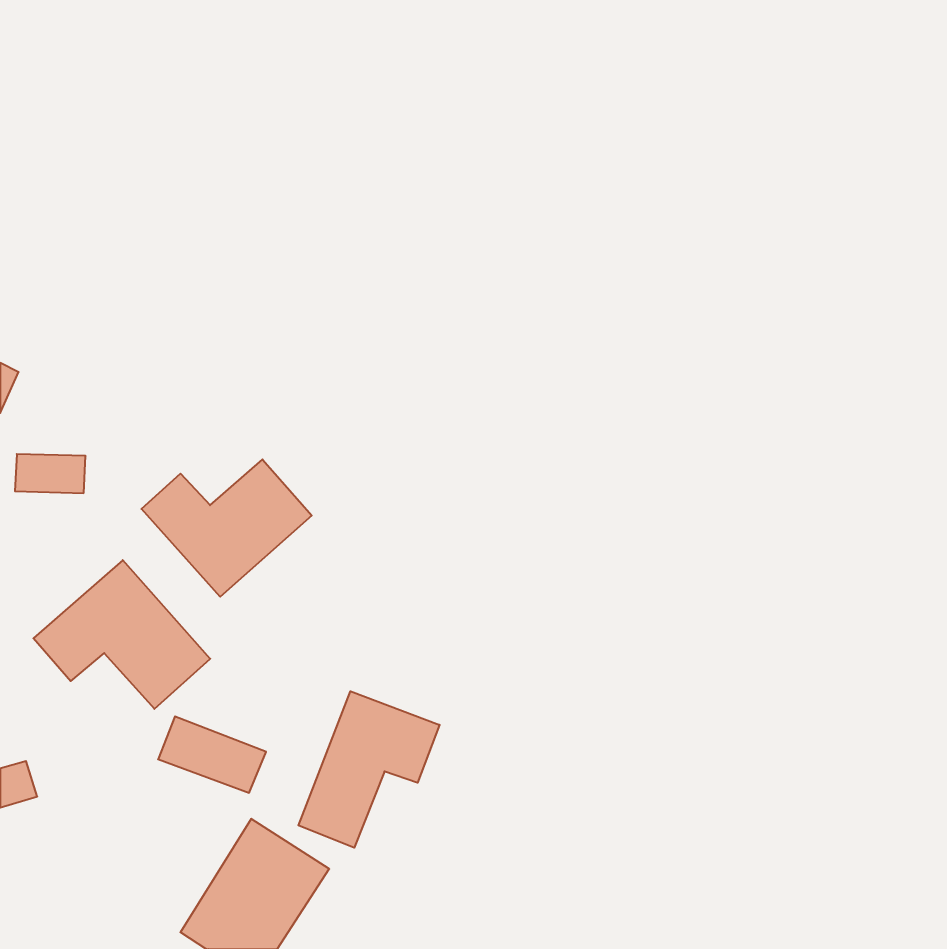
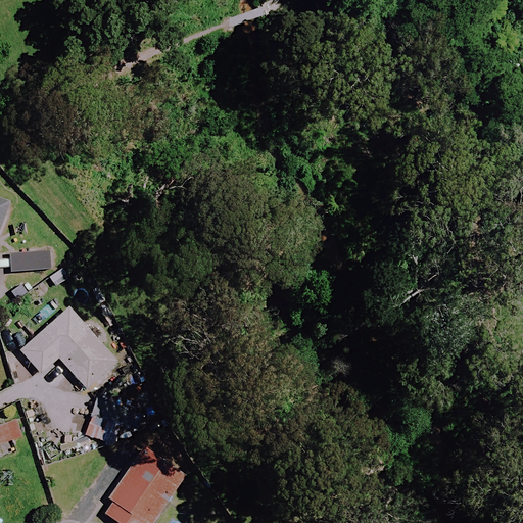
building: [141,459,312,597] -> none
building: [298,691,440,848] -> none

